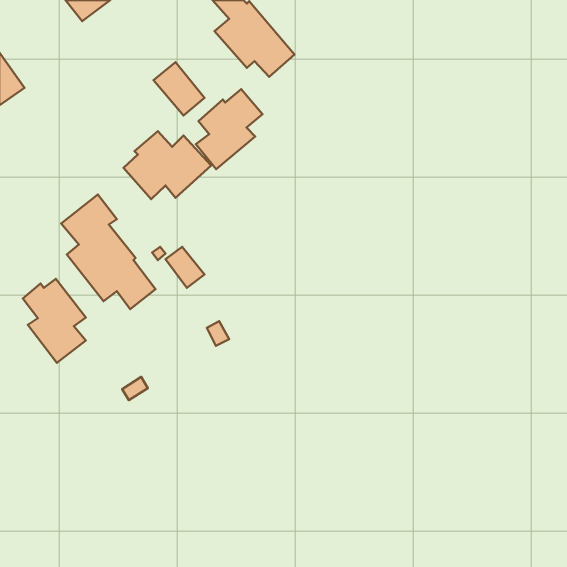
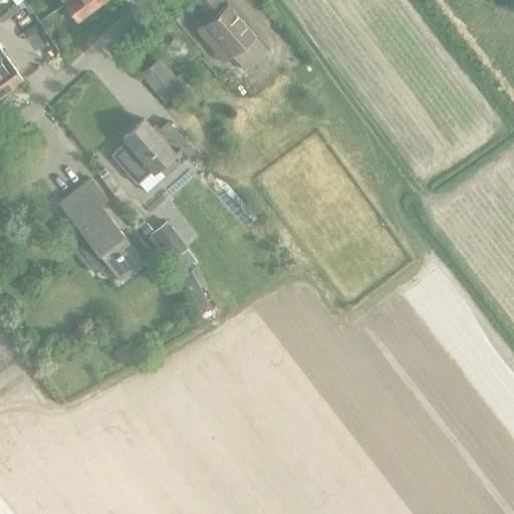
building: [196,89,263,169] -> none
building: [23,279,86,363] -> none

